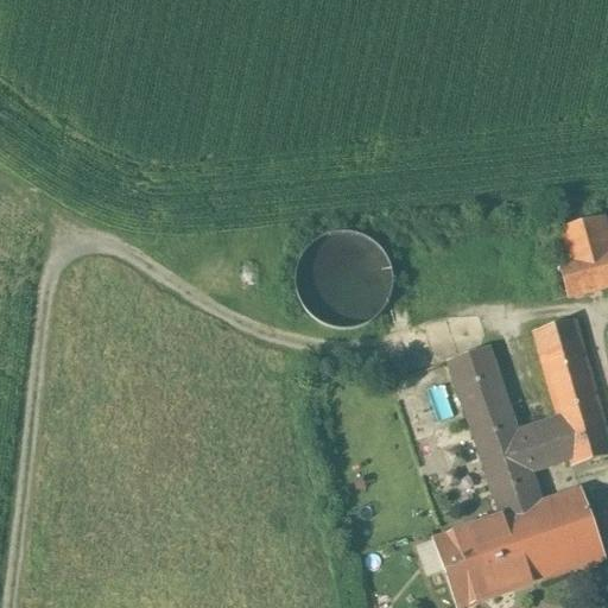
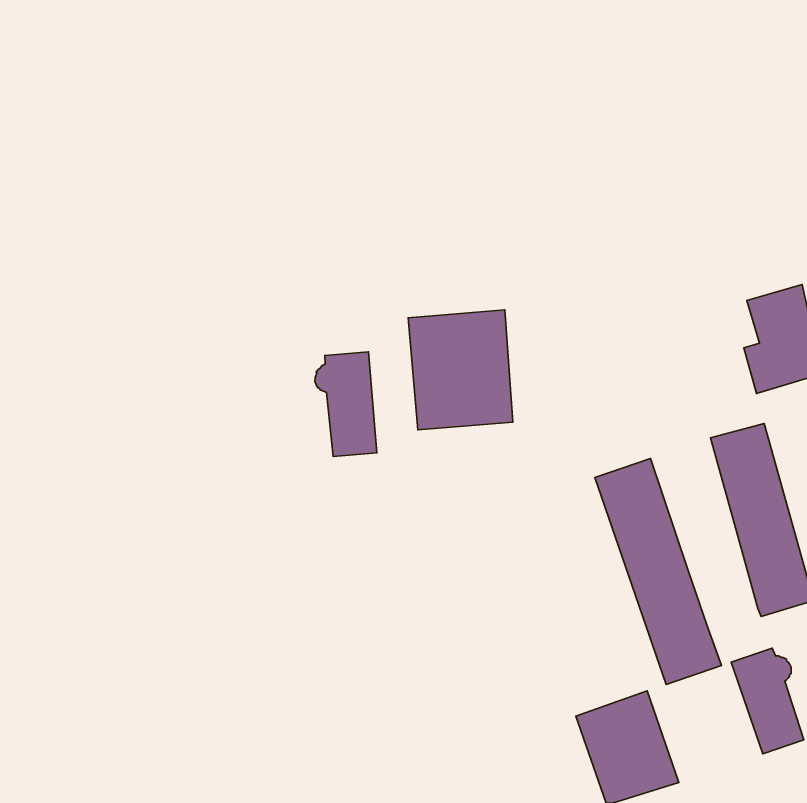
building: none -> [315,352,377,456]
building: [518,414,570,470] -> none
building: [487,498,574,588] -> none

